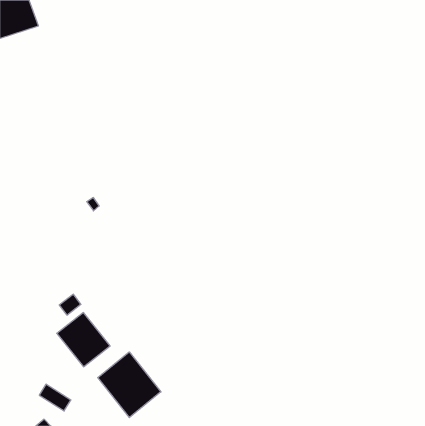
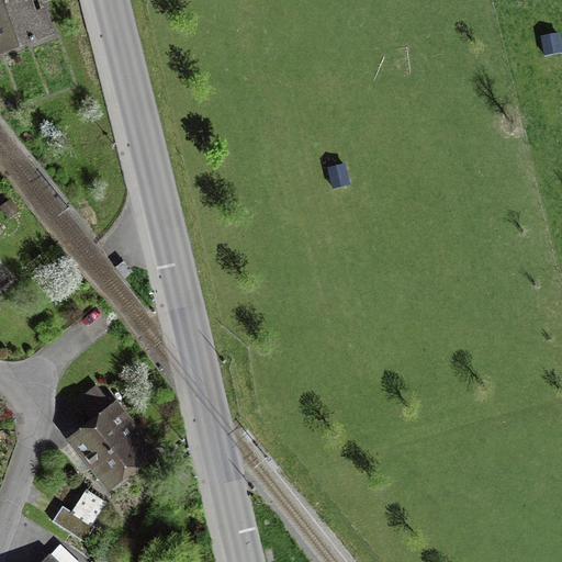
building: [98,352,161,418] -> none

